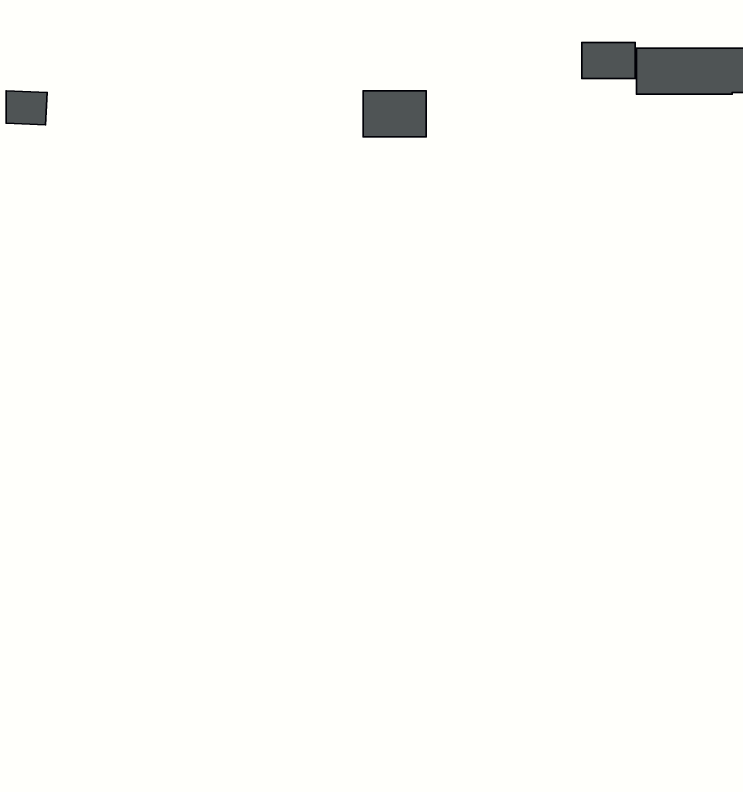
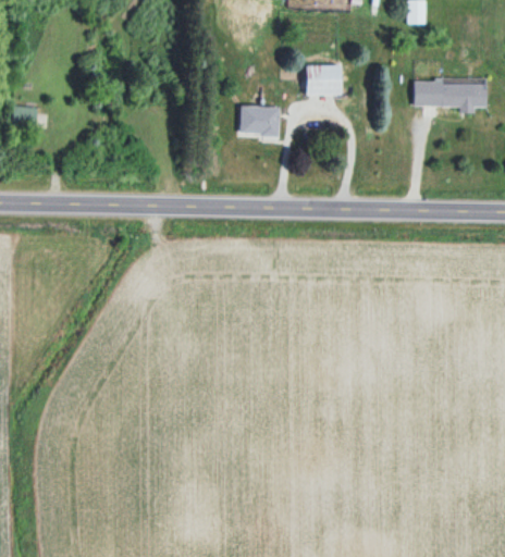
building: none -> [306,64,342,95]
building: [582,42,635,78] -> none

